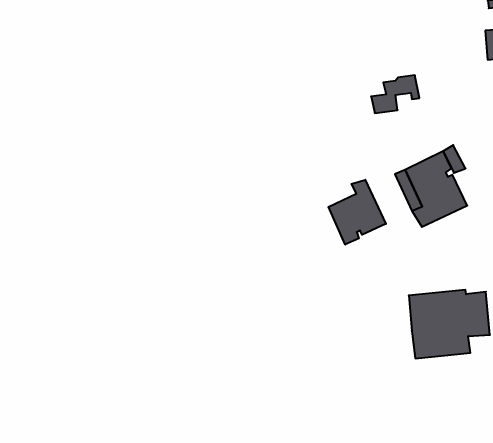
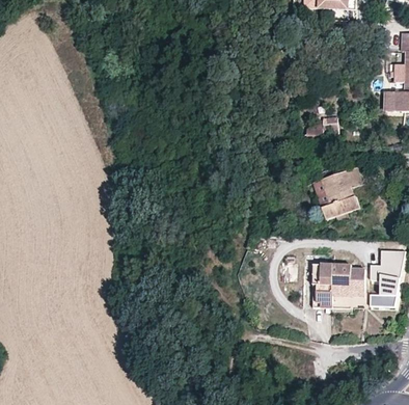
building: [328,180,386,245] -> none

